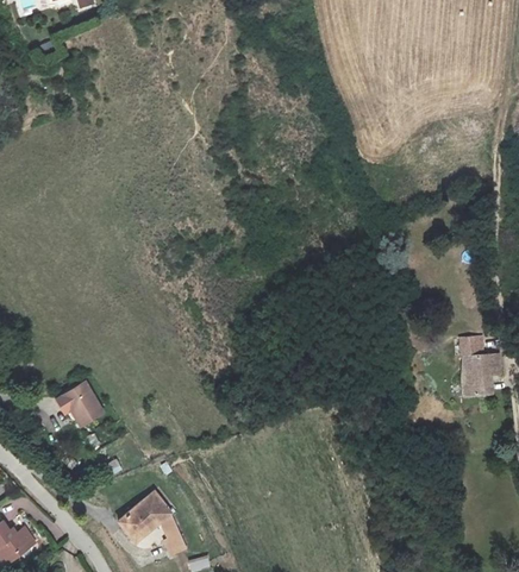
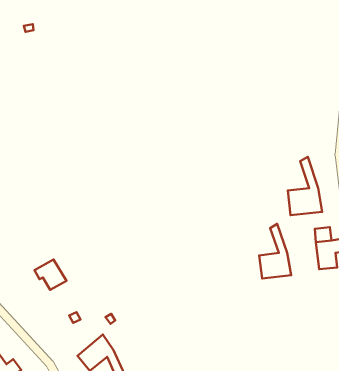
building: none -> [288,157,322,215]
building: none -> [259,224,291,278]

